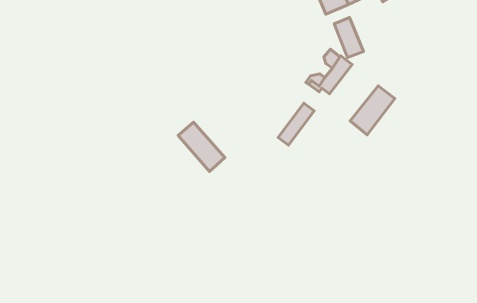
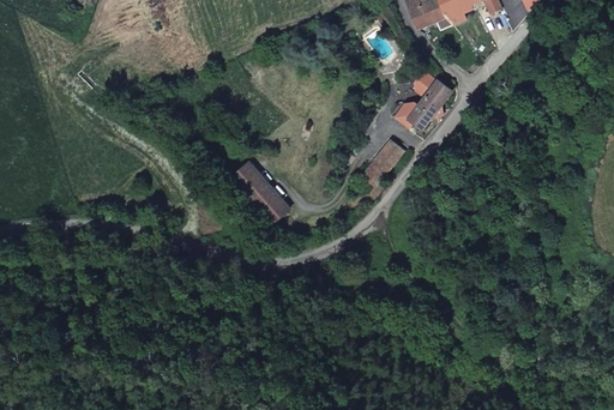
building: [334,18,364,57] -> none
building: [350,86,395,135] -> none

